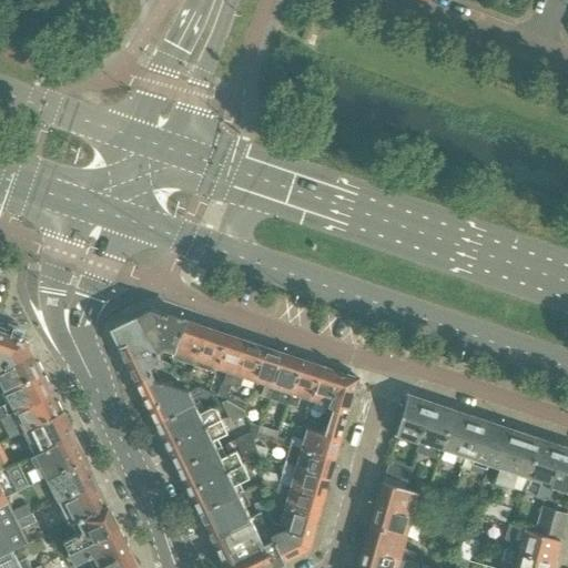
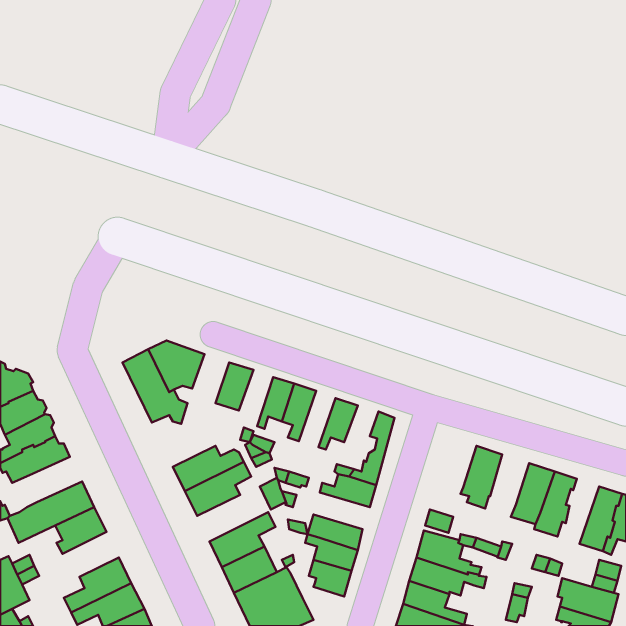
building: [172,321,207,365] -> none
building: [217,335,247,386] -> none
building: [271,354,304,405] -> none
building: [312,367,343,418] -> none
building: [138,376,195,423] -> none
building: [397,395,432,442] -> none
building: [444,412,479,457] -> none
building: [27,414,74,455] -> none
building: [505,434,542,493] -> none
building: [284,446,335,479] -> none
building: [179,448,243,490] -> none
building: [57,481,108,525] -> none
building: [263,516,312,561] -> none

